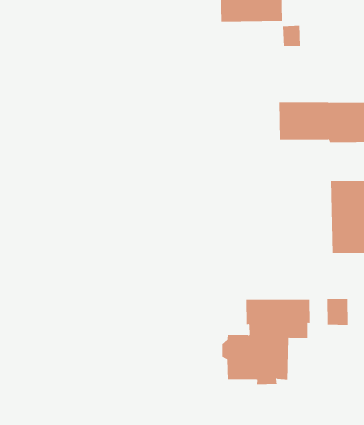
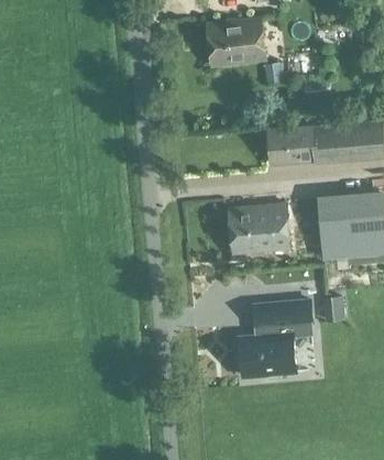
building: none -> [227,205,288,254]

